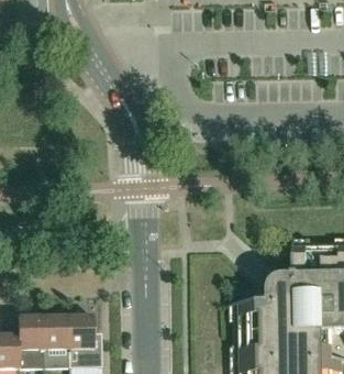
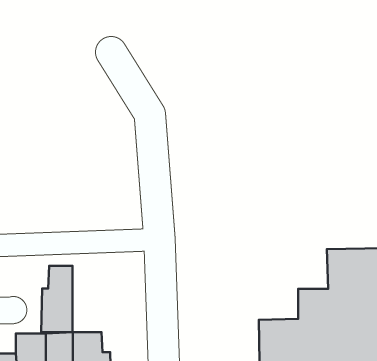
building: none -> [41,266,73,332]

